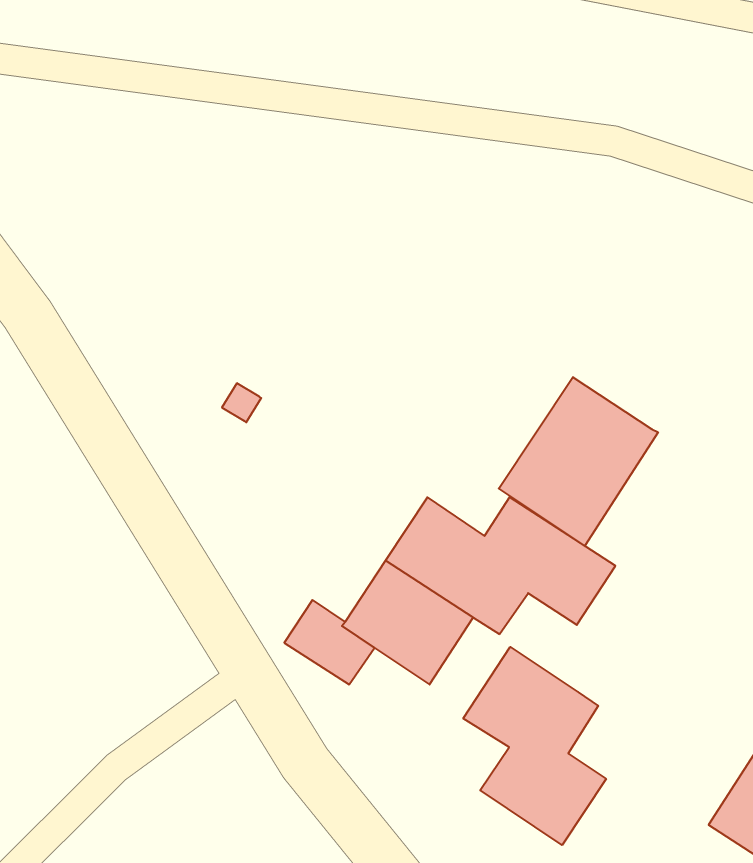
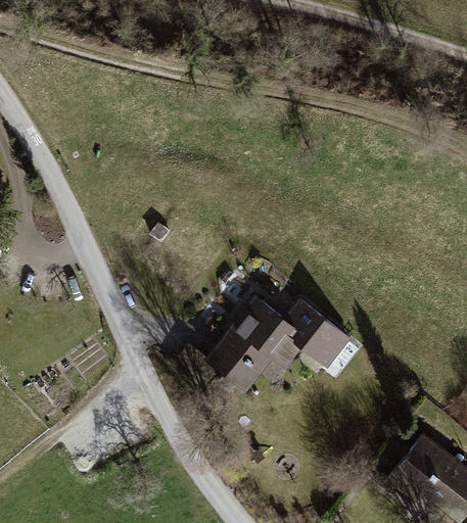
building: [499,377,658,546] -> none
building: [463,647,606,845] -> none

